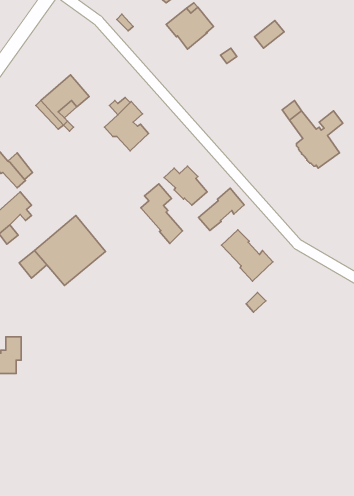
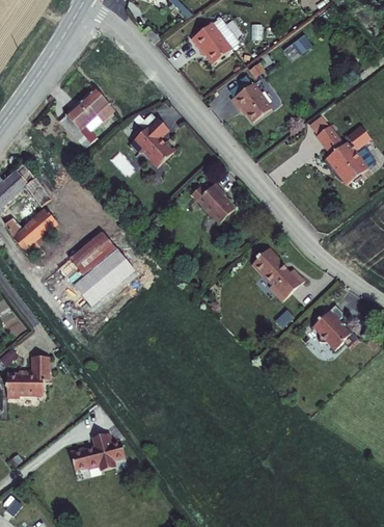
building: none -> [234,82,273,121]
building: [141,184,182,243] -> none
building: [199,188,244,231] -> none
building: none -> [309,304,348,348]
building: none -> [71,431,126,469]

